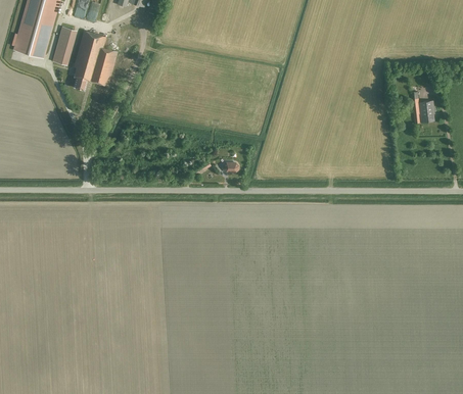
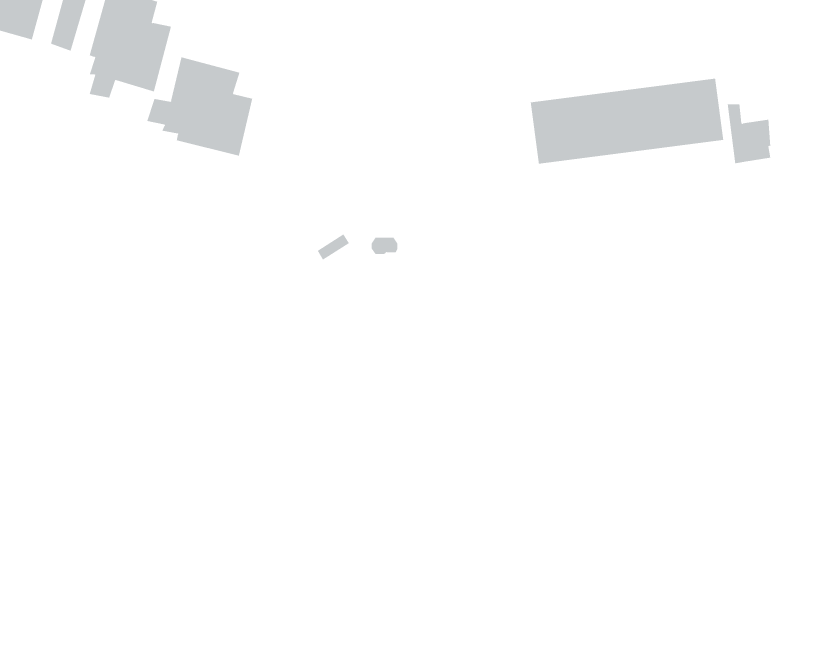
building: none -> [147,56,253,157]
building: none -> [530,78,724,164]

